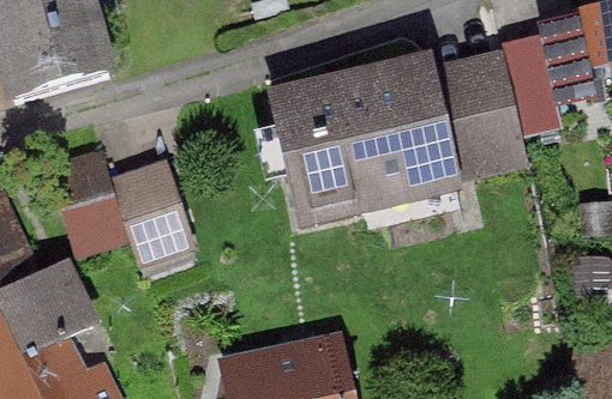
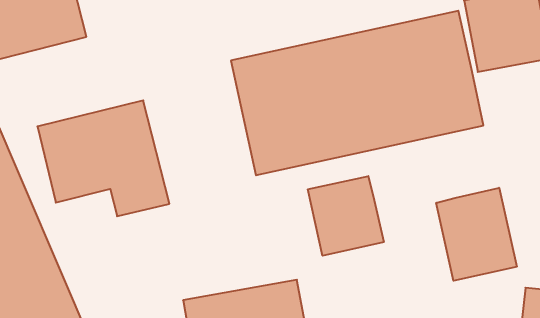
building: none -> [308,176,384,256]
building: none -> [436,188,517,281]

